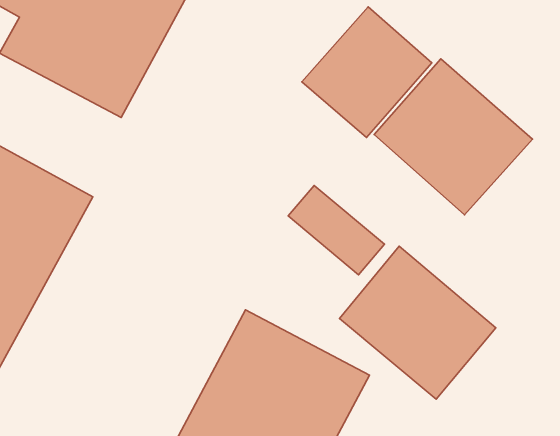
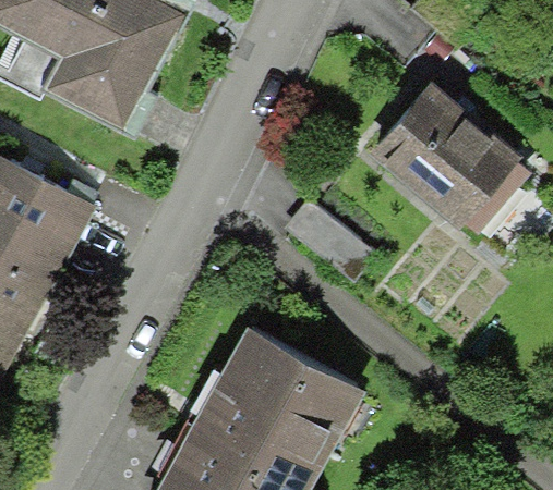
building: [302,7,432,138] -> none
building: [340,246,496,399] -> none

